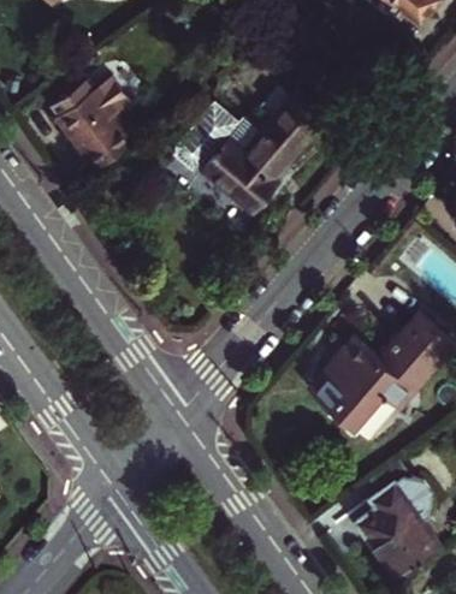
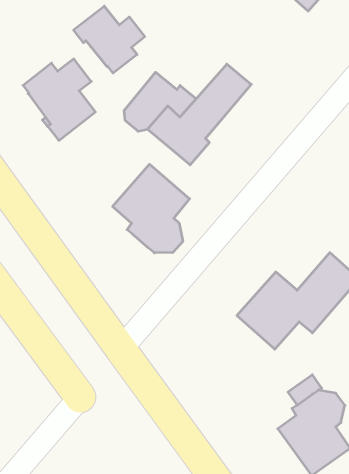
building: none -> [74,6,145,73]
building: none -> [113,164,190,253]

